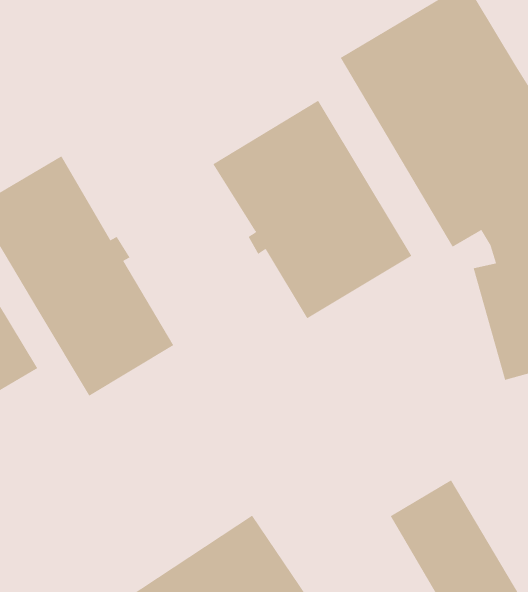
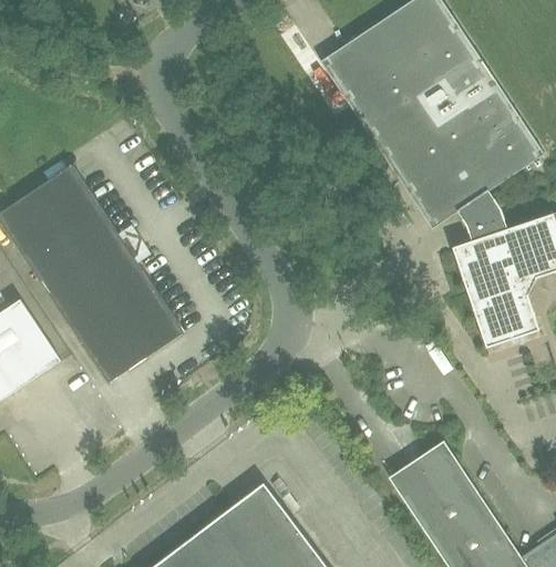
building: [213,100,412,319] -> none

